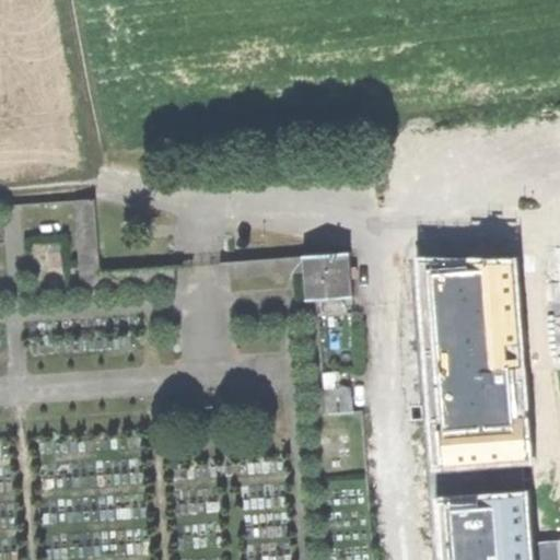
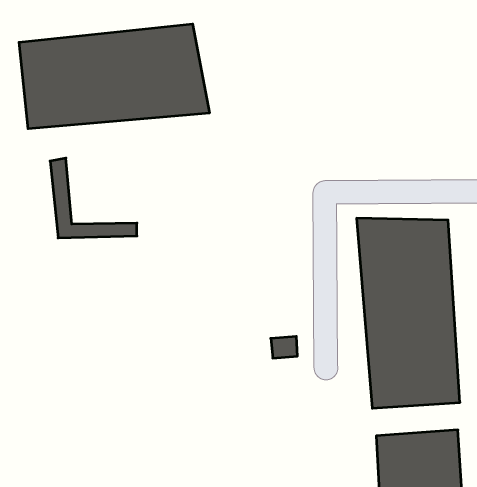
building: none -> [19,24,209,129]
building: [302,254,350,300] -> none

